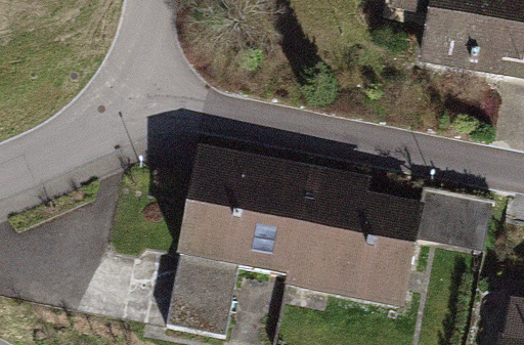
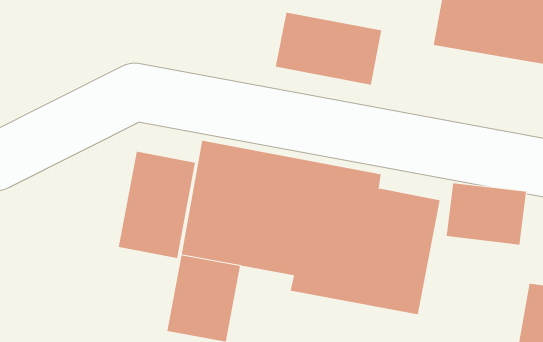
building: none -> [275,12,382,85]
building: none -> [118,151,196,259]

